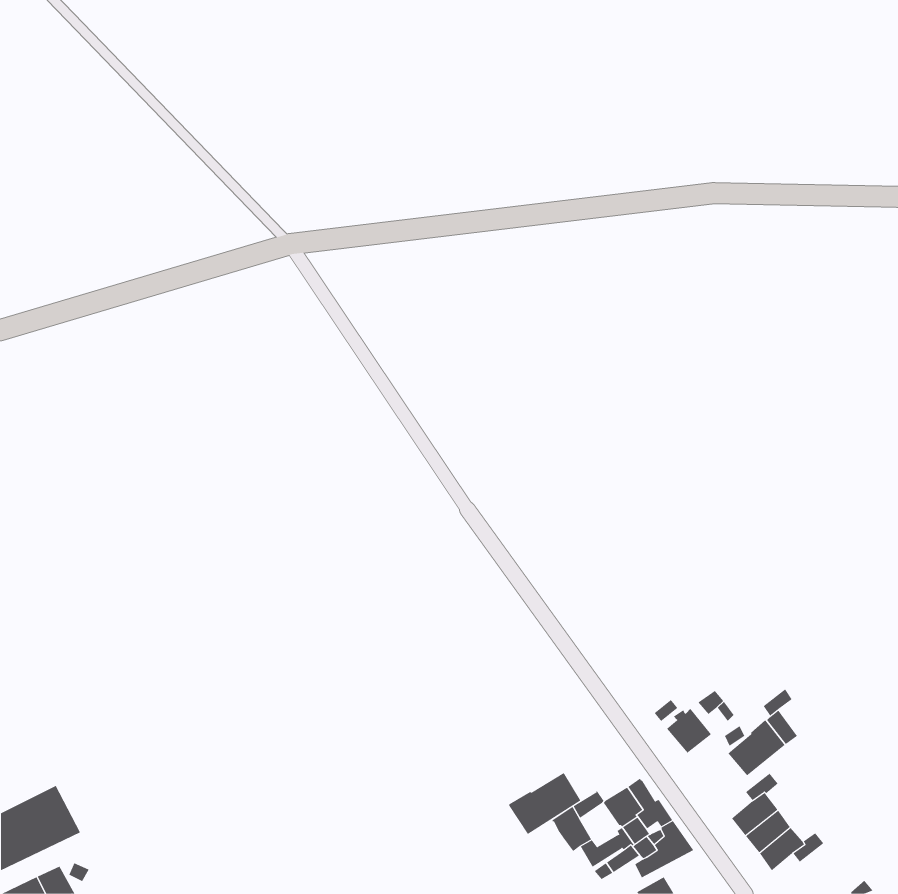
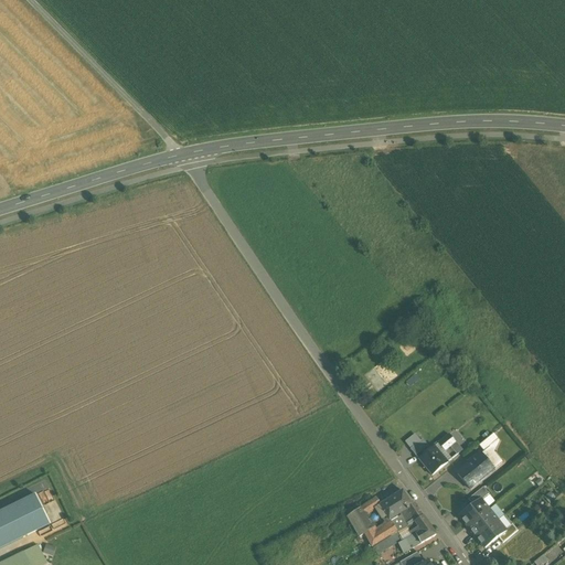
building: [508,772,581,835] -> none

